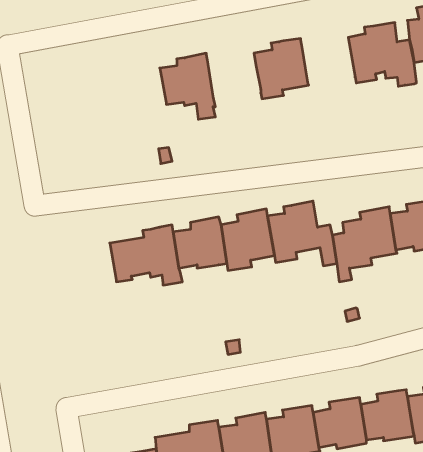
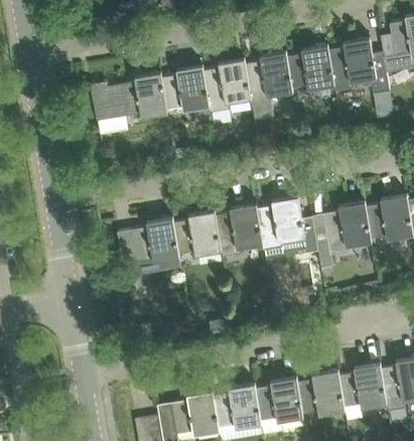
building: none -> [287,45,334,91]
building: none -> [203,59,251,113]
building: none -> [90,72,168,122]

